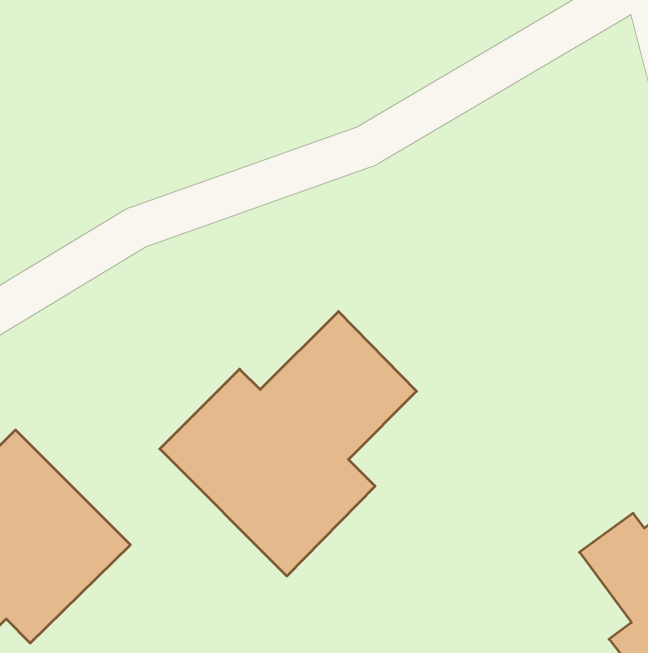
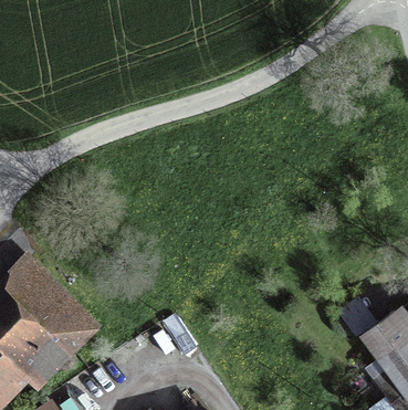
building: [160,311,417,576] -> none

